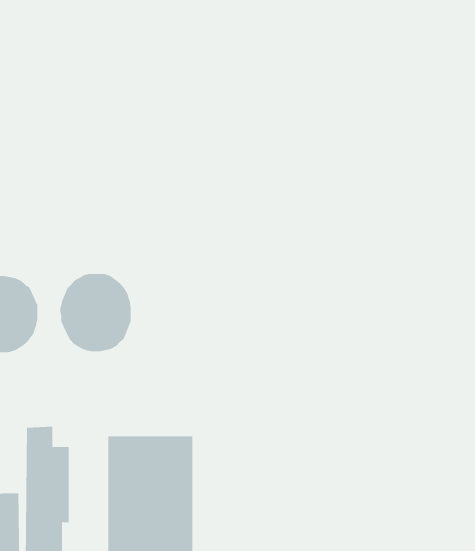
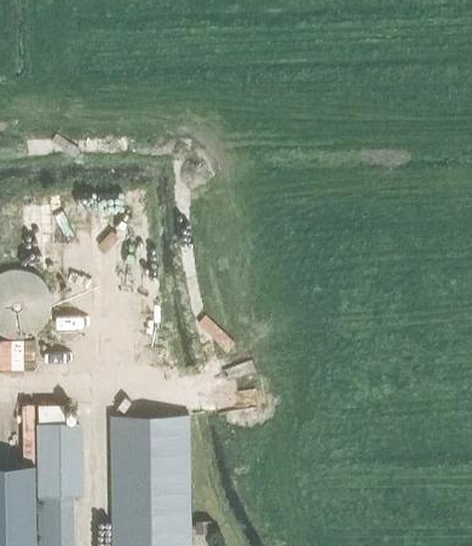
building: [60,273,131,352] -> none

